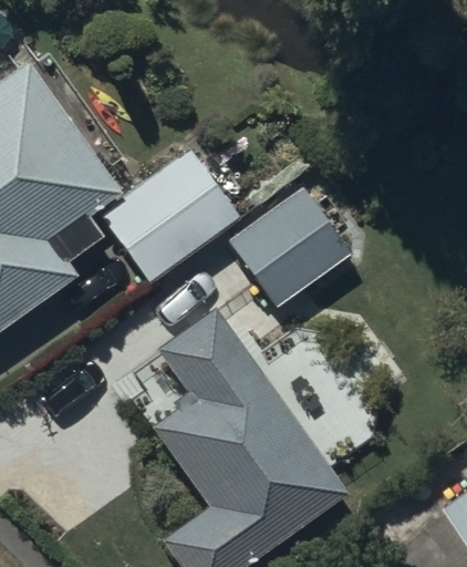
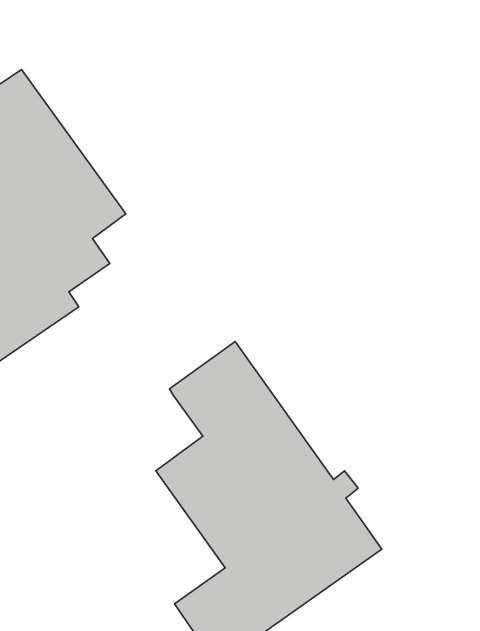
building: [101,147,241,281] -> none
building: [228,184,351,306] -> none

